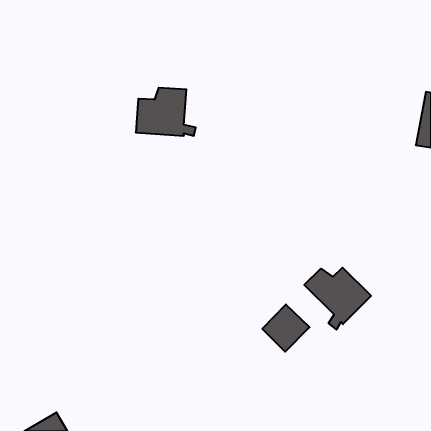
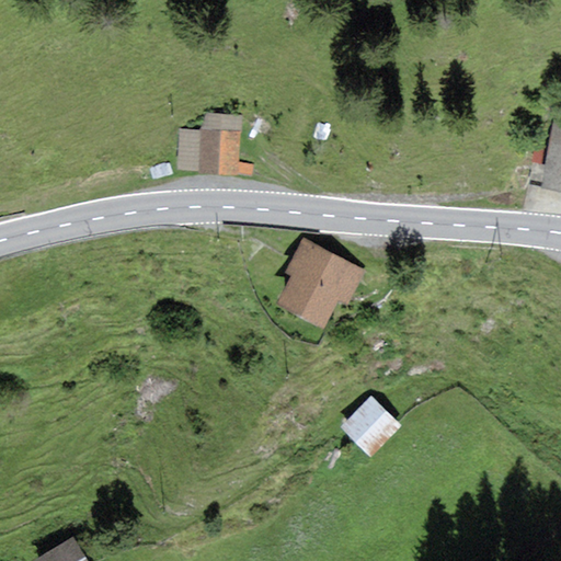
building: none -> [276,237,366,328]
building: [304,268,371,330] -> none

